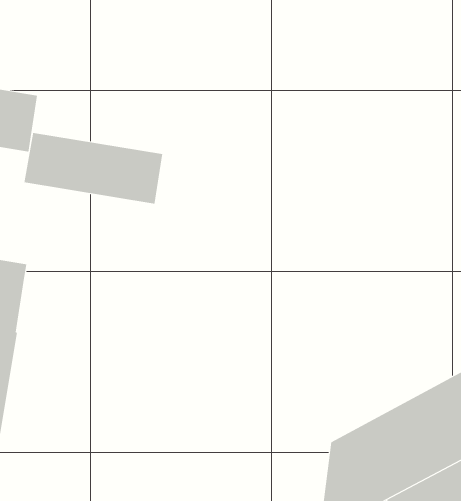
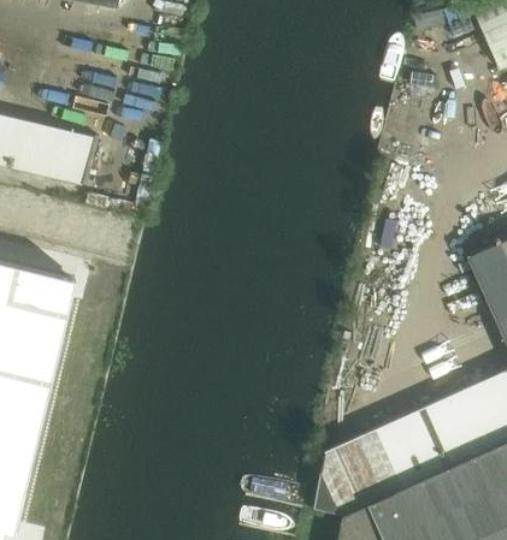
building: [24,132,163,205] -> none

